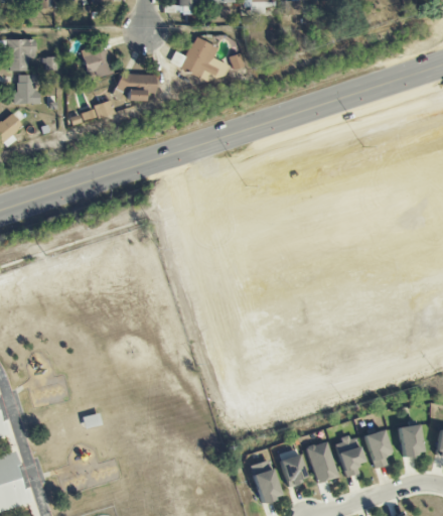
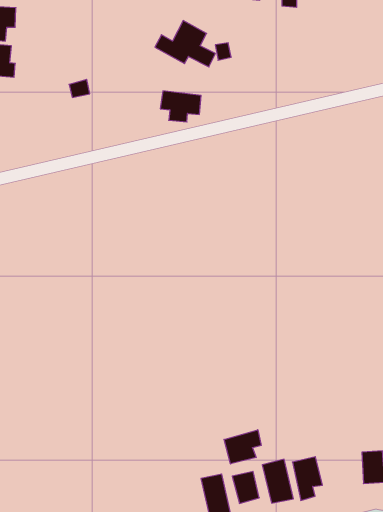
building: [83,48,113,78] -> none
building: [118,74,155,101] -> [160,91,201,122]
building: none -> [224,430,261,464]
building: [364,429,392,469] -> none

